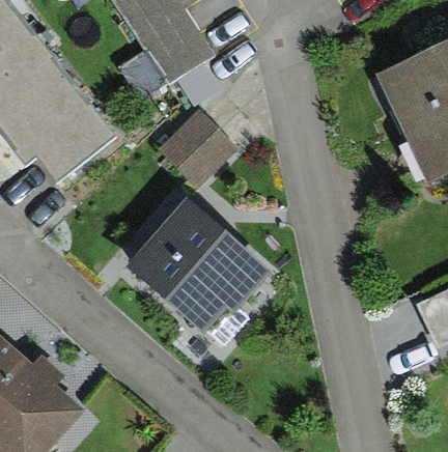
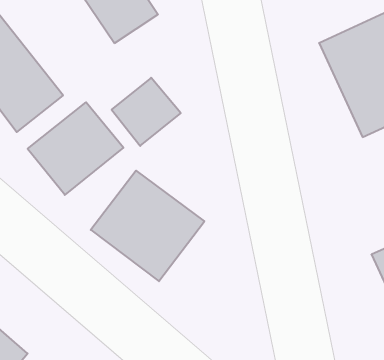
building: none -> [28,102,123,195]

